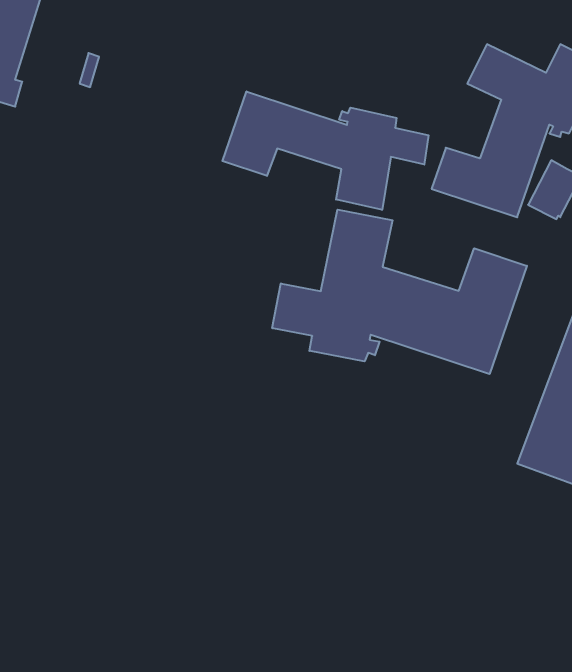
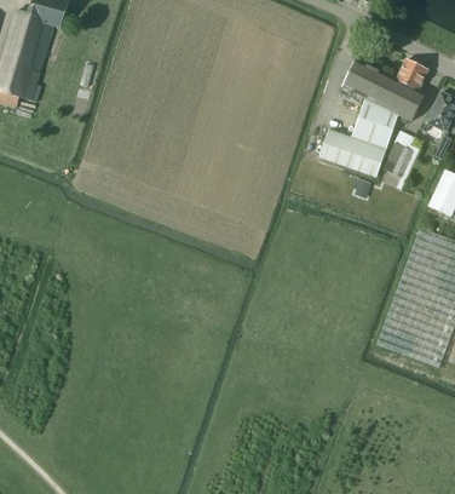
building: [222,91,429,210] -> none
building: [272,210,527,374] -> none

